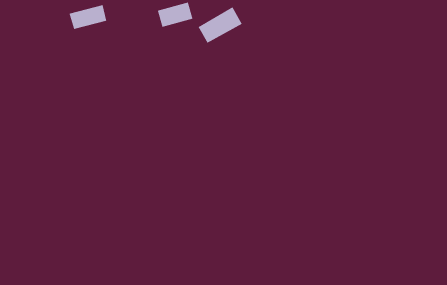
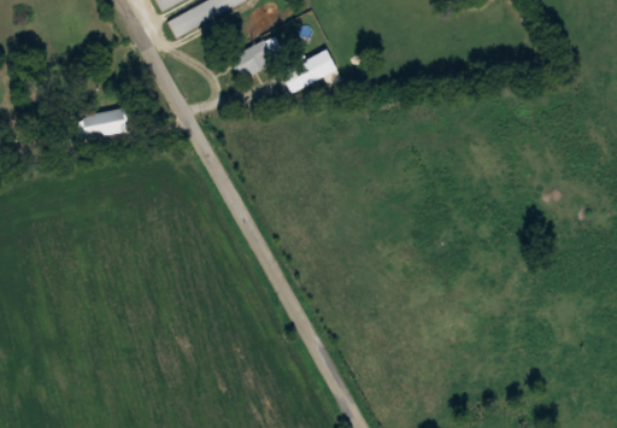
building: [69,4,107,30] -> [80,109,127,140]

